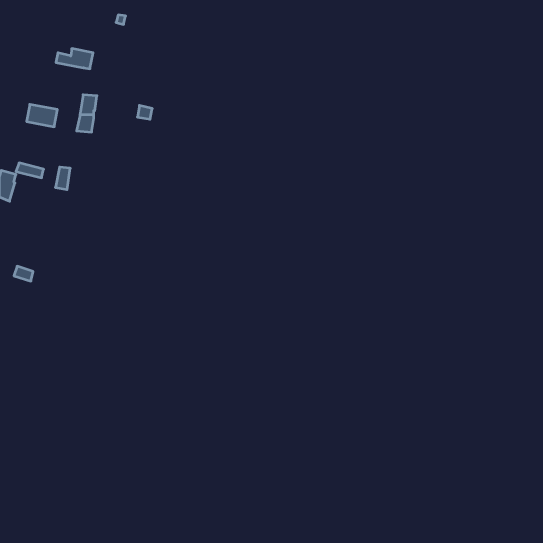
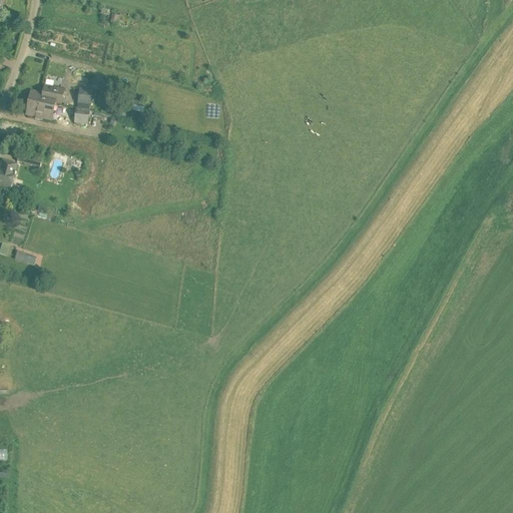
building: [56,49,93,69] -> [28,85,63,104]

